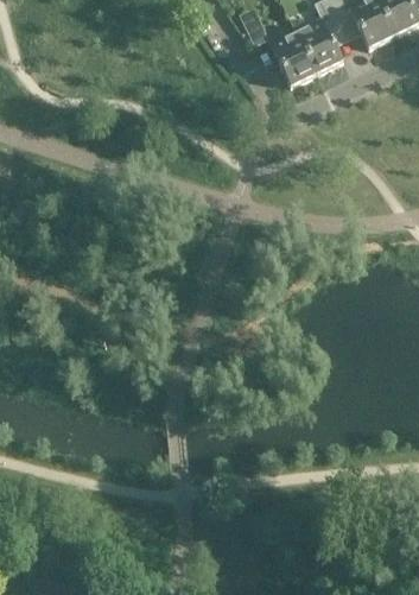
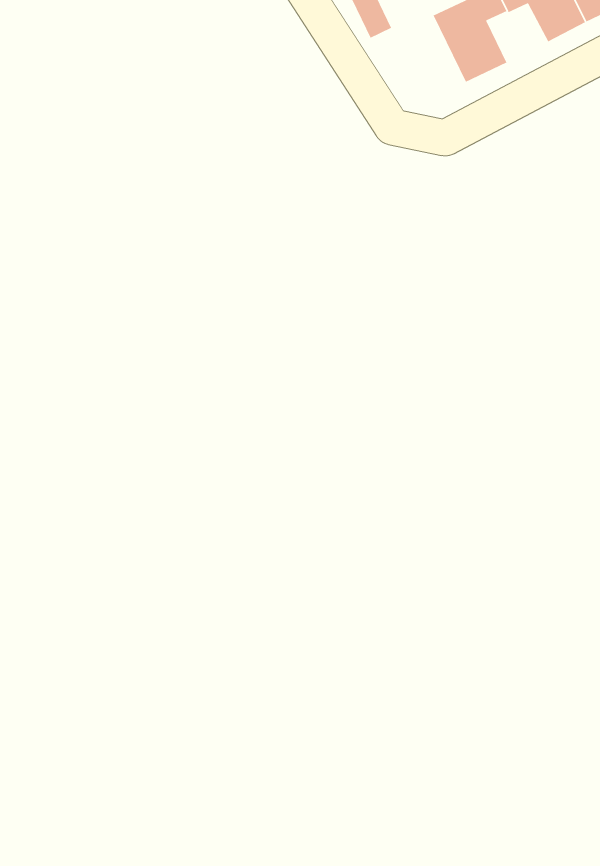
building: [271,31,317,87] -> none

